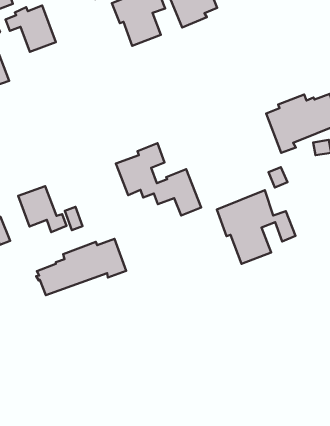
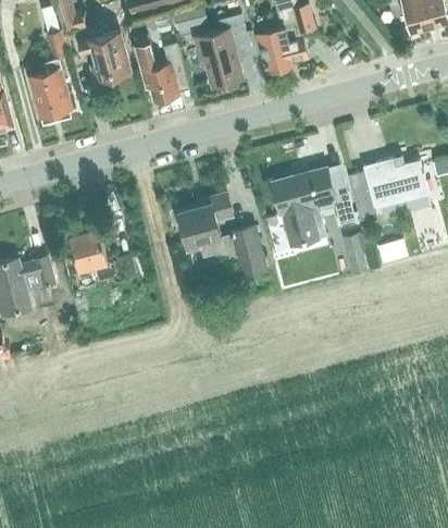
building: none -> [136,42,189,102]
building: [217,190,295,264] -> [272,169,354,246]
building: [36,239,126,295] -> none

